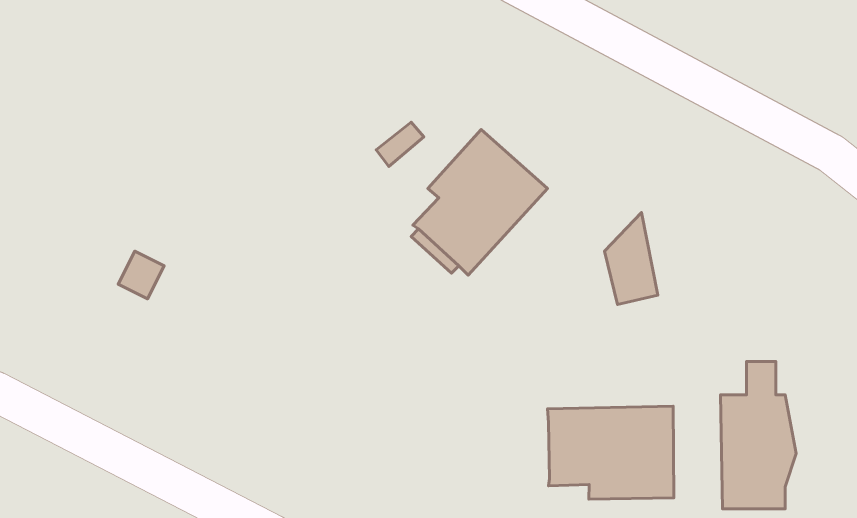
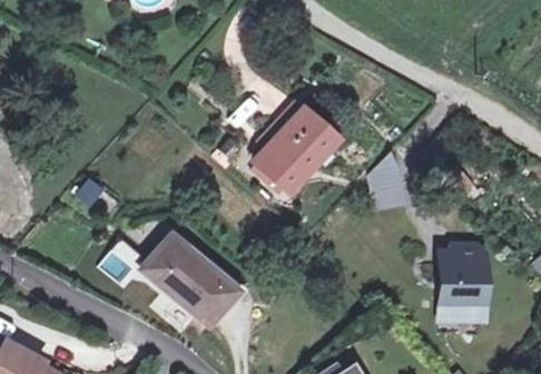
building: none -> [142,234,238,324]
building: [548,406,674,499] -> none

